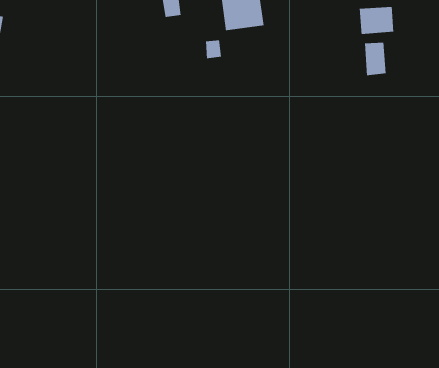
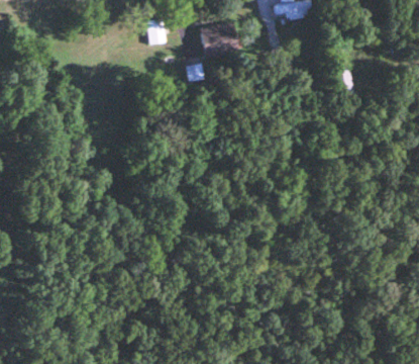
building: [359,6,394,35] -> none

